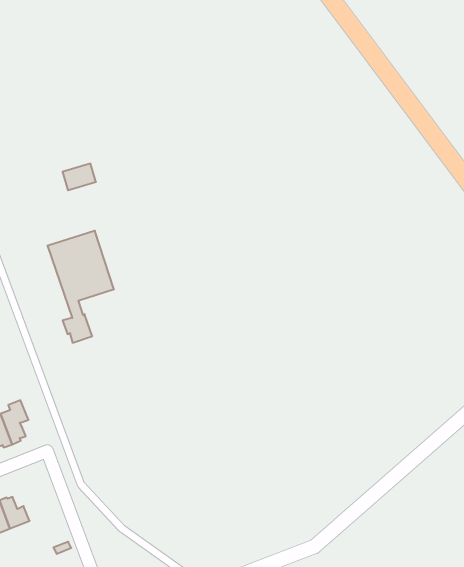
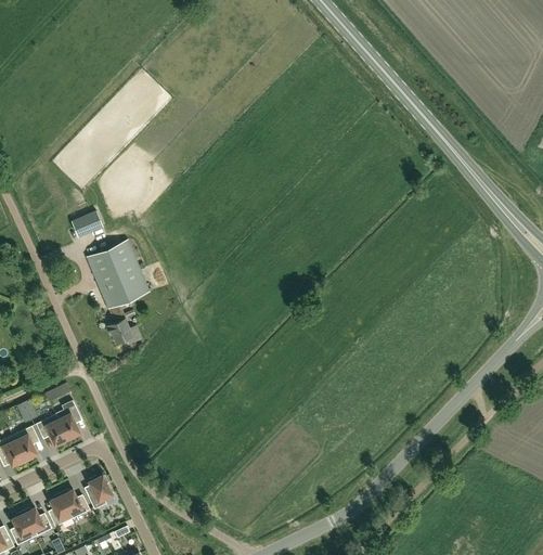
building: [62,164,96,190] -> [72,211,103,237]
building: none -> [88,475,115,508]

